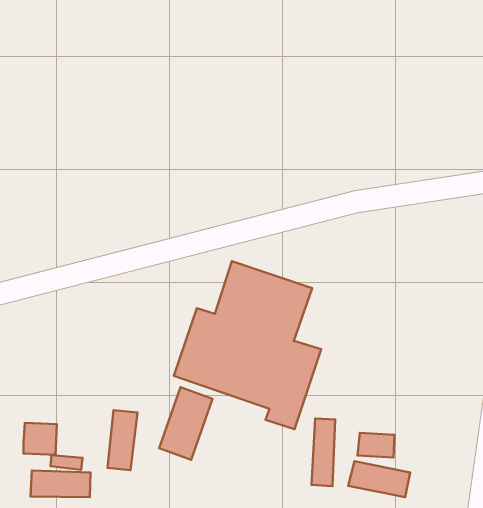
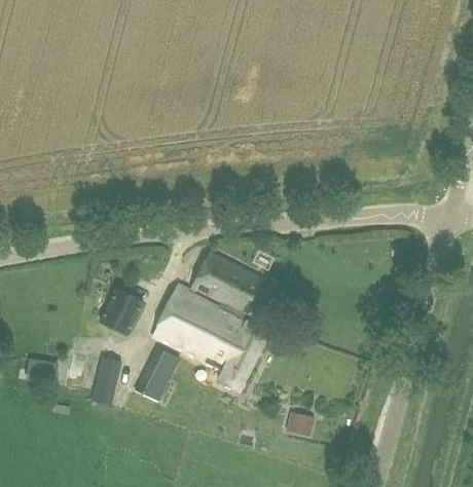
building: none -> [100,287,143,334]
building: [312,418,335,486] -> none
building: [31,470,91,497] -> none

